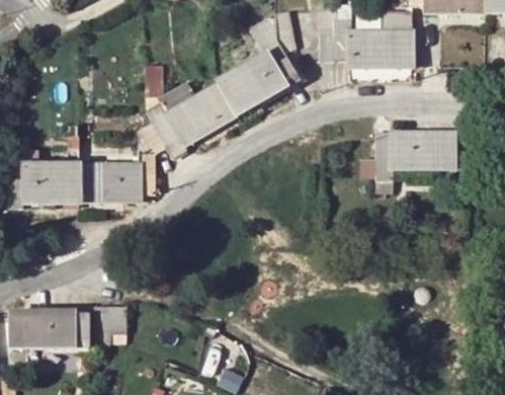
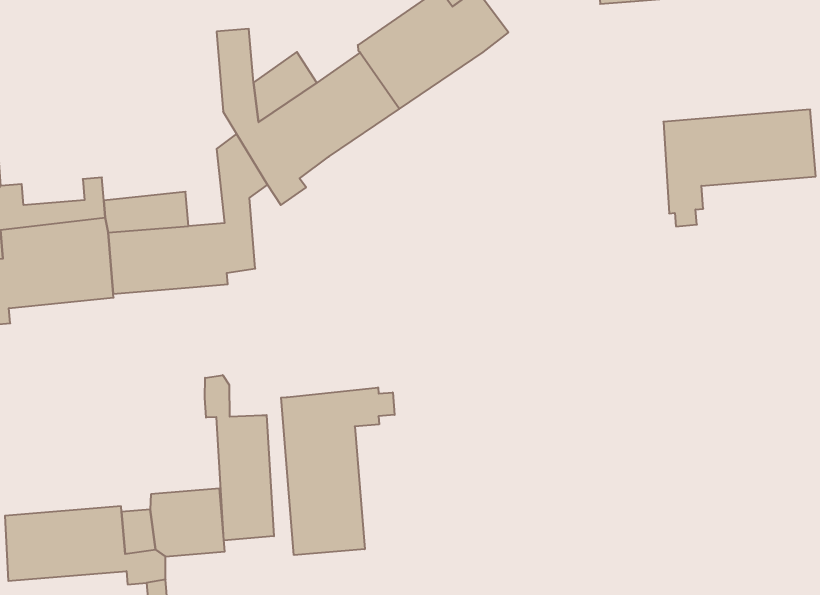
building: none -> [205,375,274,540]
building: none -> [281,387,395,555]

